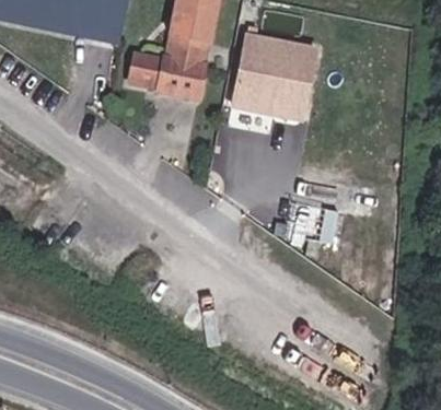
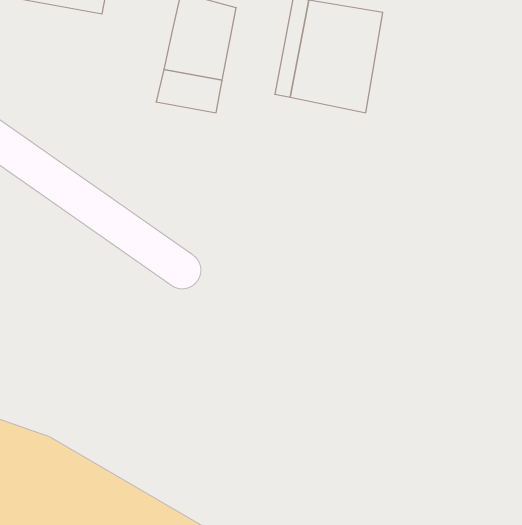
building: [126,47,167,82] -> none

